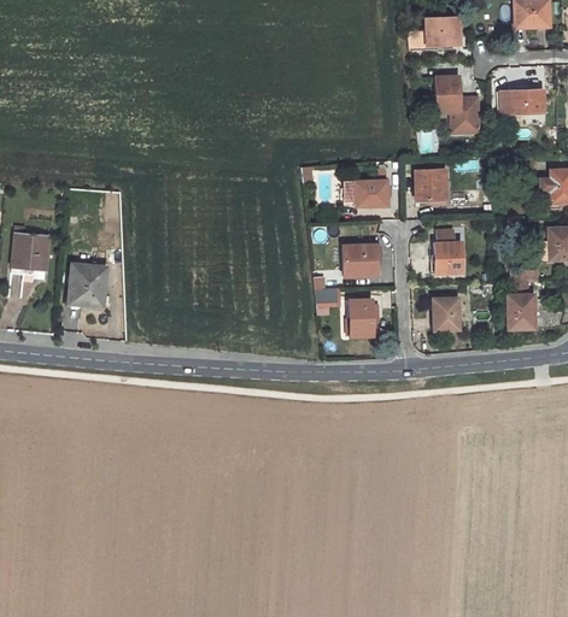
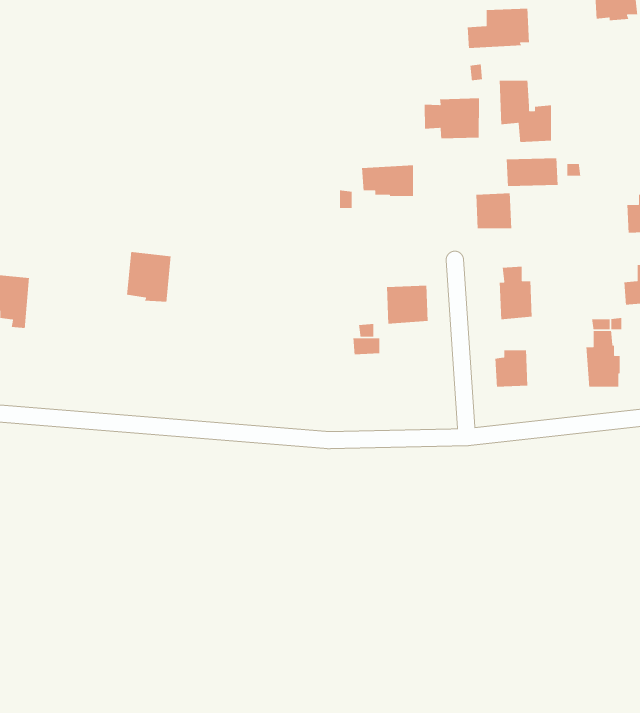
building: [500,89,544,113] -> [506,158,558,187]
building: none -> [424,98,480,139]
building: [344,180,387,206] -> [361,165,414,197]
building: [69,264,106,306] -> [126,251,172,303]
building: [349,300,373,336] -> none

